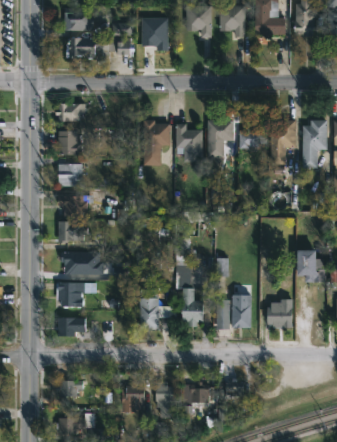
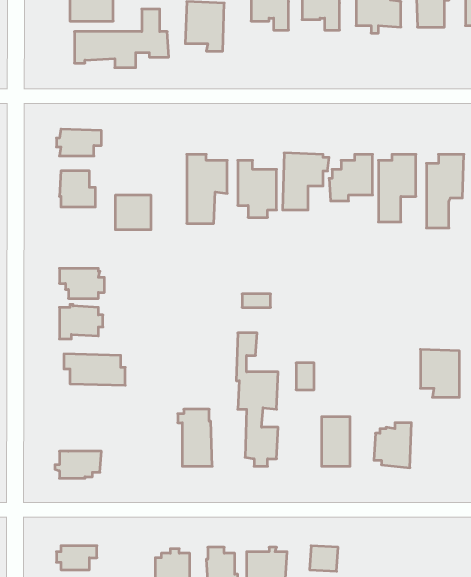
building: [58,164,82,187] -> [115,195,151,230]
building: [56,282,96,307] -> none
building: [214,299,230,329] -> none

